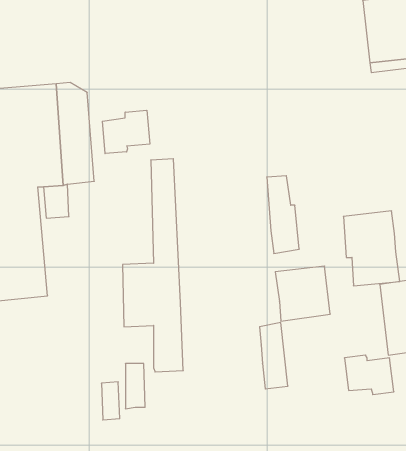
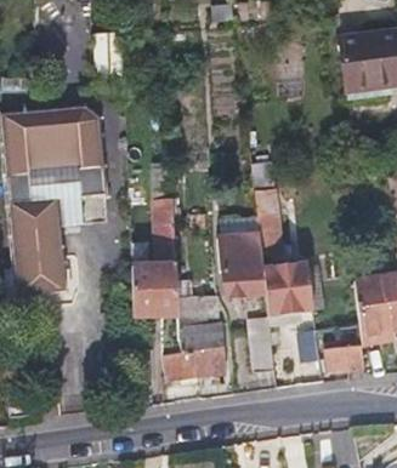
building: [102,110,150,154] -> none
building: [343,211,400,286] -> [217,234,266,298]
building: none -> [159,295,225,379]

